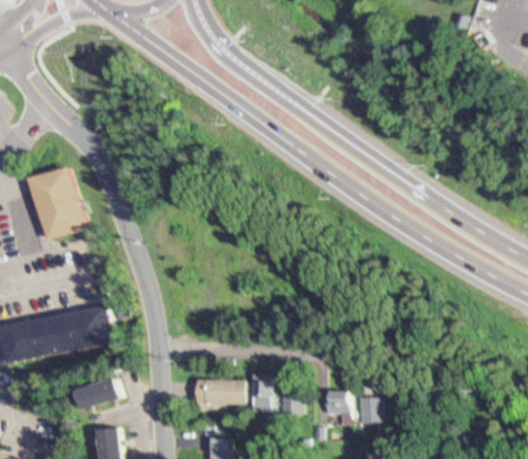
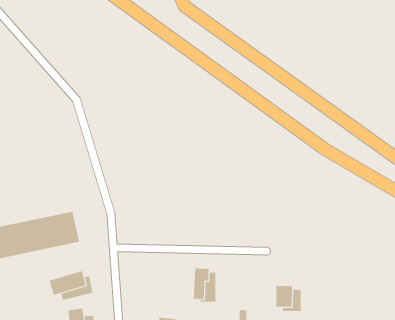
building: [29,167,88,241] -> none
building: [191,378,238,408] -> none
building: [320,392,342,418] -> none
building: [276,394,297,414] -> none

